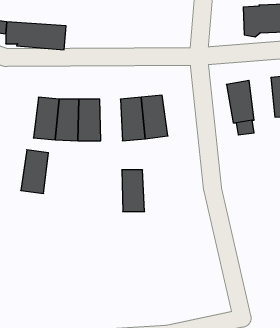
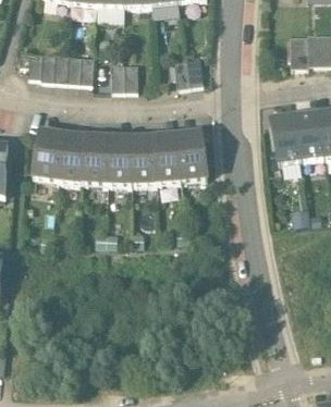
building: none -> [173,58,203,87]
building: none -> [111,63,137,89]
building: none -> [295,113,323,160]
building: [21,150,48,193] -> [33,132,63,180]
building: [122,170,145,212] -> [131,137,156,183]

